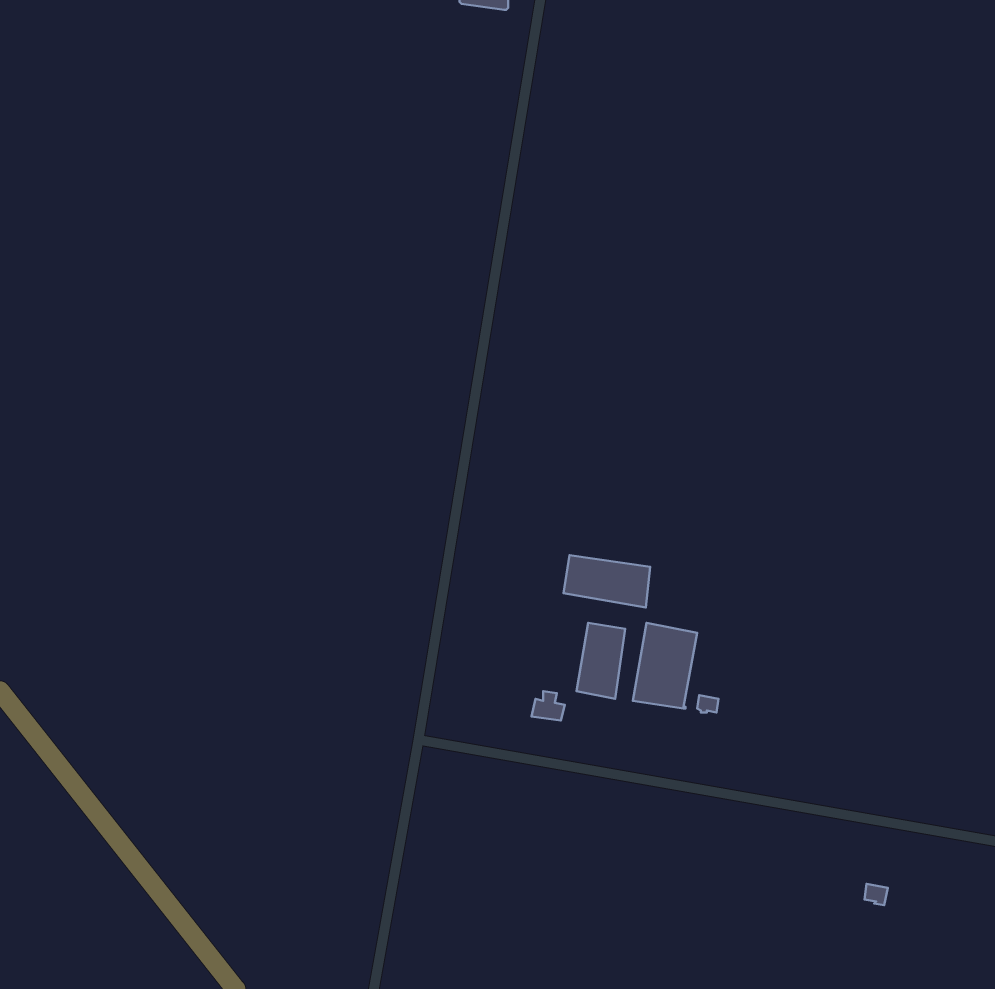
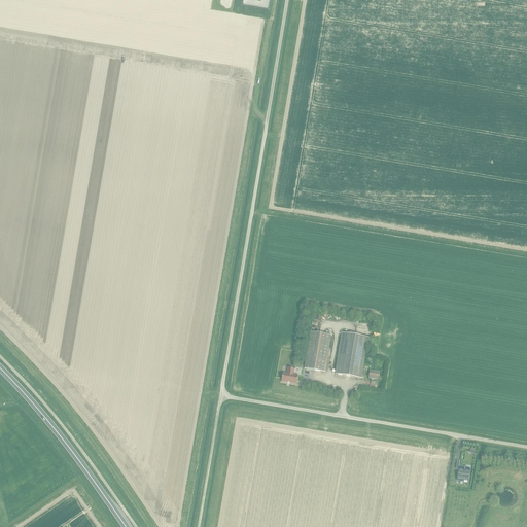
building: [564,555,650,607] -> none

